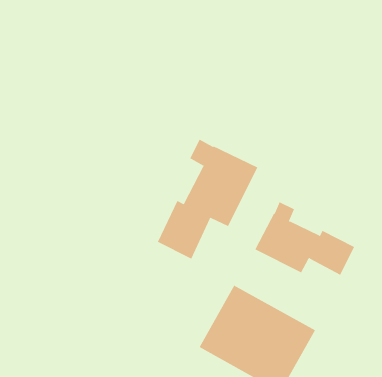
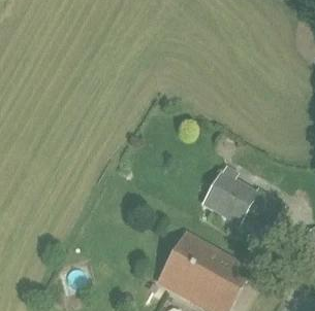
building: [157,139,258,260] -> none

